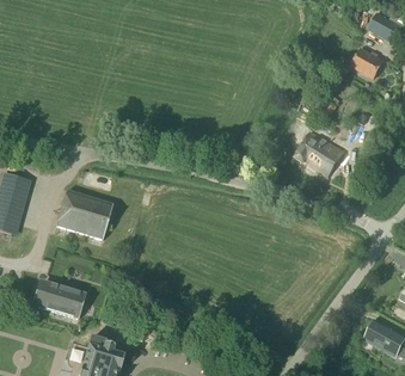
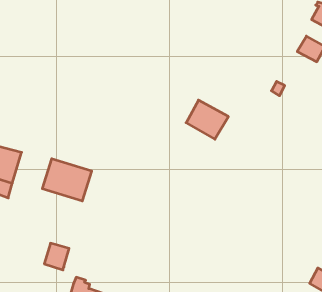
building: [294,130,343,175] -> [186,100,228,139]
building: [37,282,65,312] -> none

